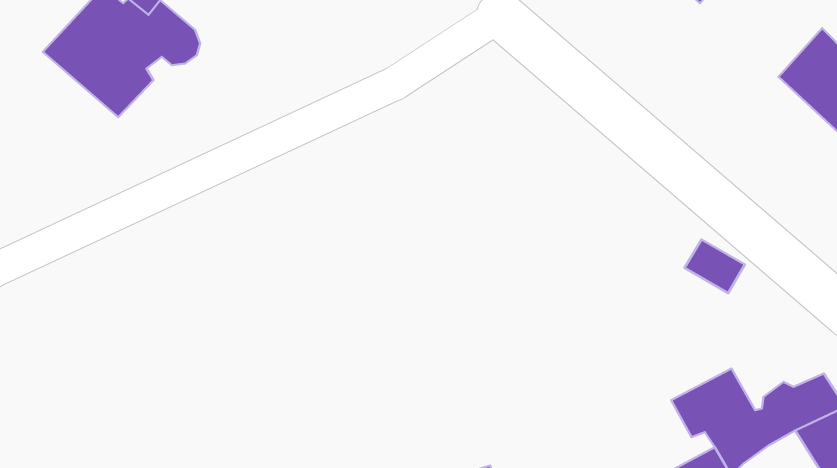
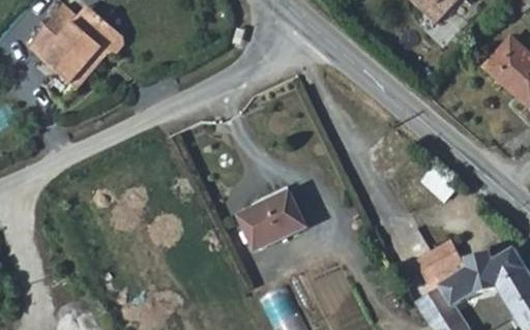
building: none -> [237,190,304,250]

